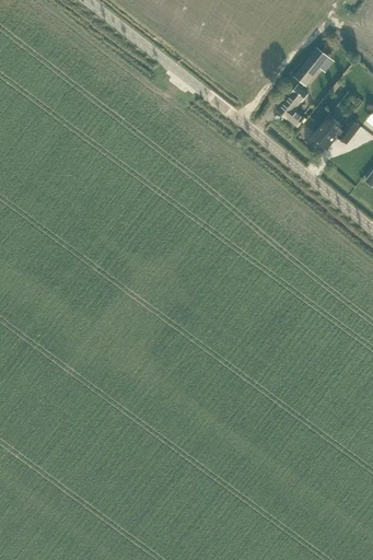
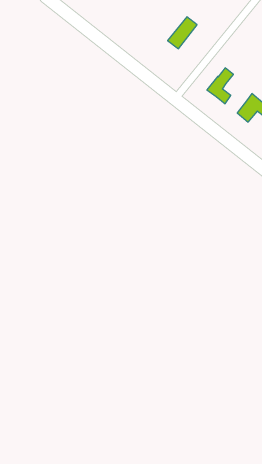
building: [293,48,328,86] -> [168,17,197,49]

